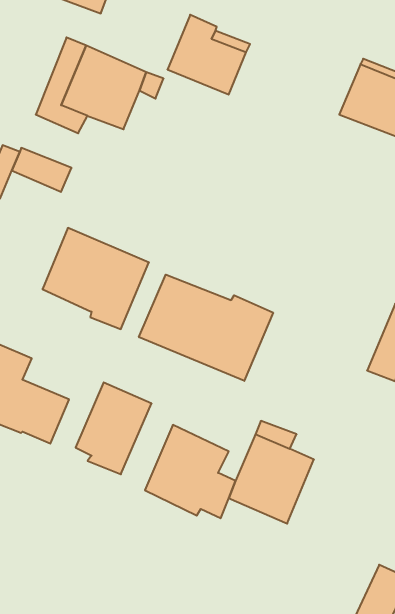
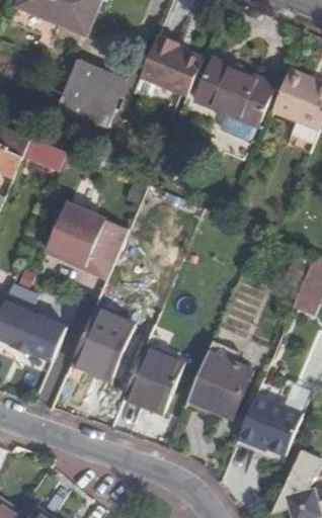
building: none -> [192,60,273,128]
building: [139,275,273,381] -> none
building: none -> [237,403,299,461]

